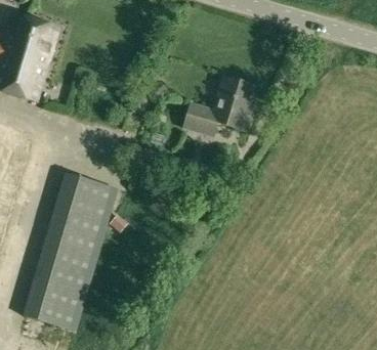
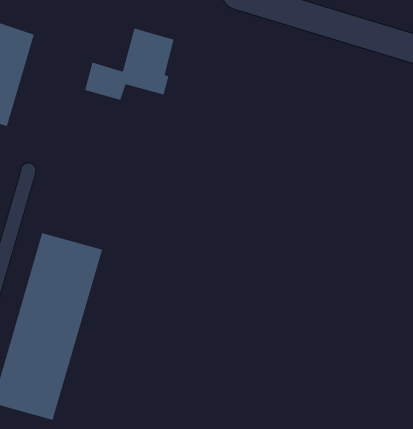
building: [185,77,256,134] -> [84,27,175,101]

